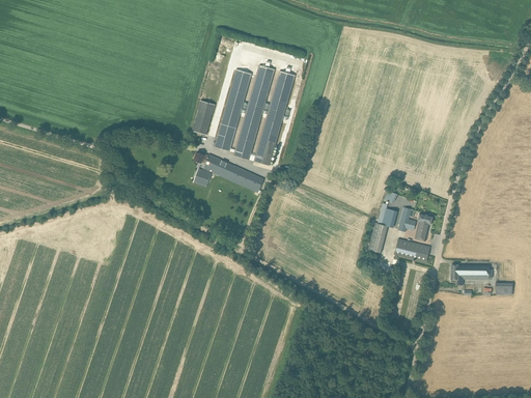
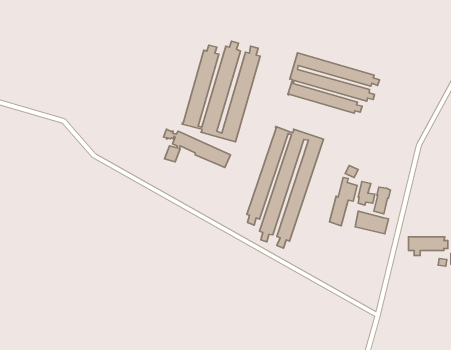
building: none -> [288,53,379,113]
building: [192,101,215,135] -> none
building: none -> [247,126,323,248]

